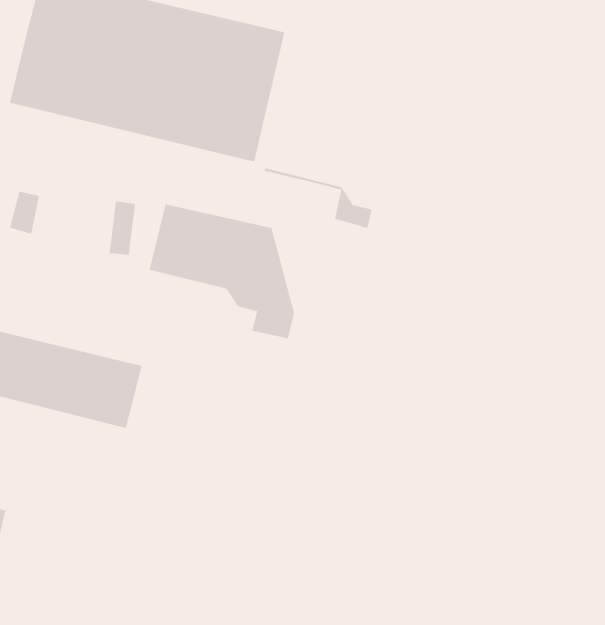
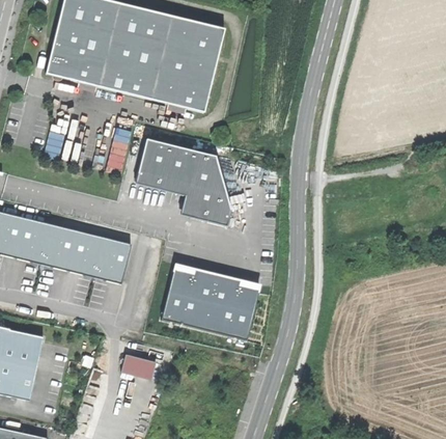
building: [264,168,373,229] -> [135,181,205,220]
building: none -> [162,263,260,339]
building: none -> [122,354,157,379]

